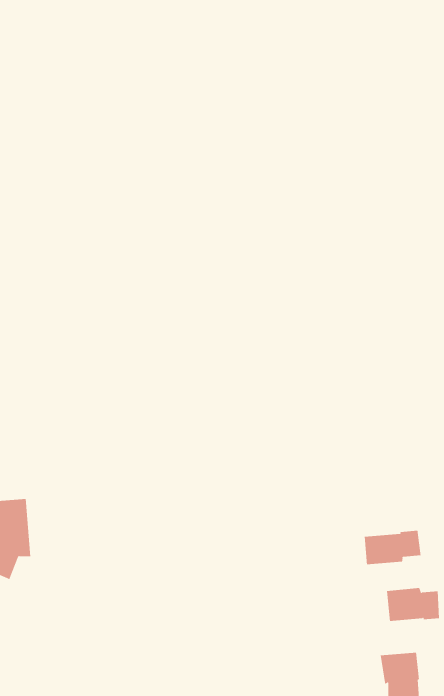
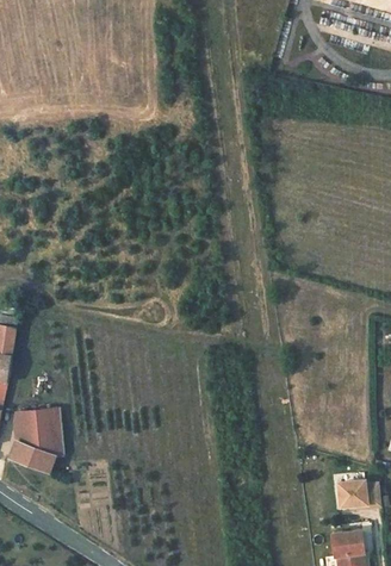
building: [364,530,421,565] -> none

